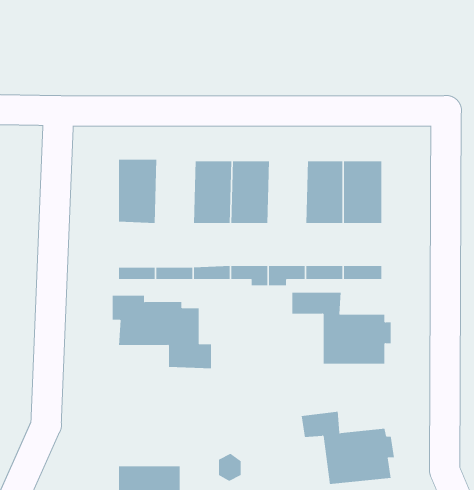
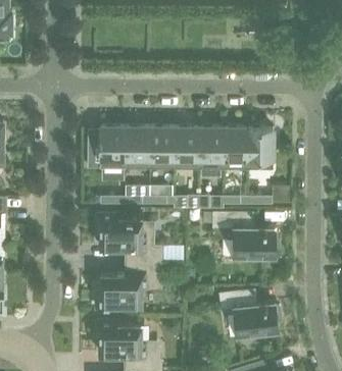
building: none -> [124,126,149,168]
building: none -> [197,127,223,168]
building: none -> [95,262,160,309]

